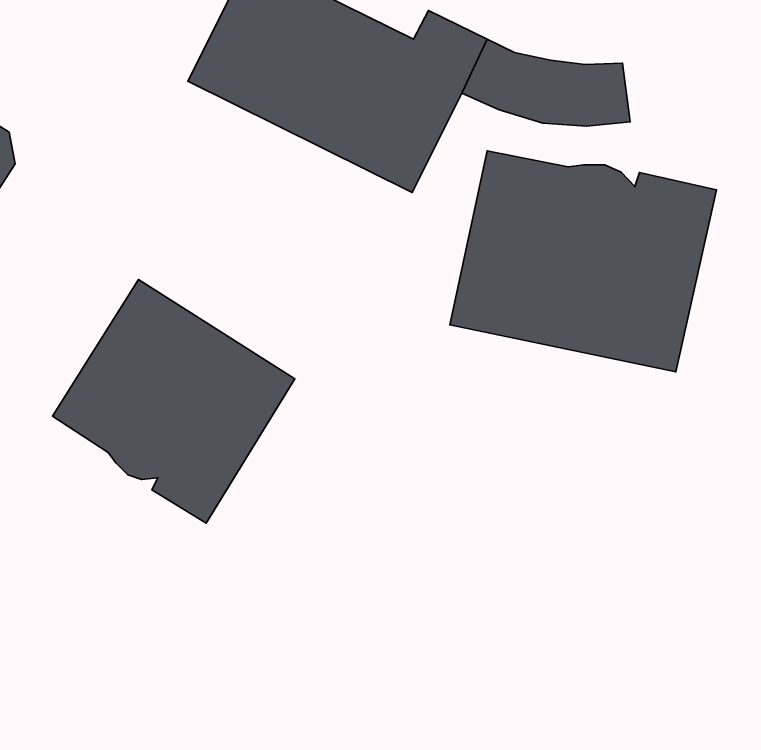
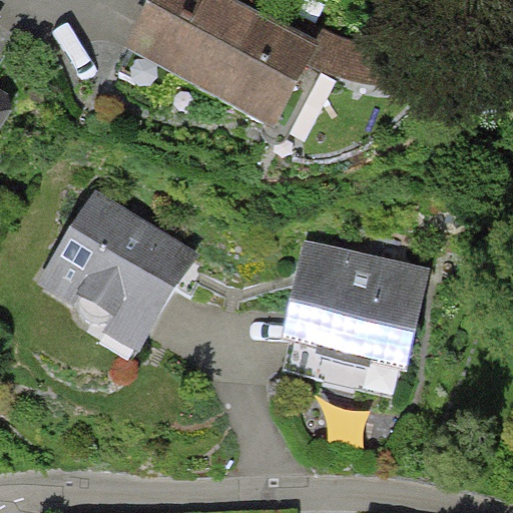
building: [450,151,717,372] -> none
building: none -> [281,240,429,389]

